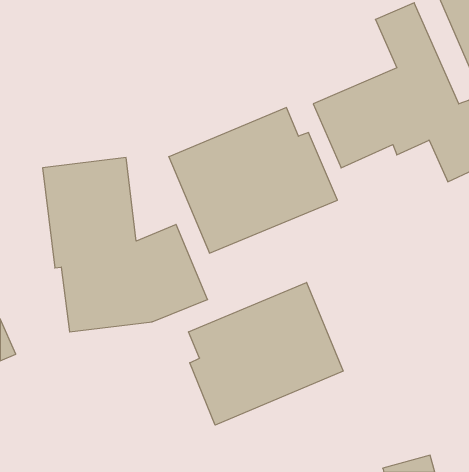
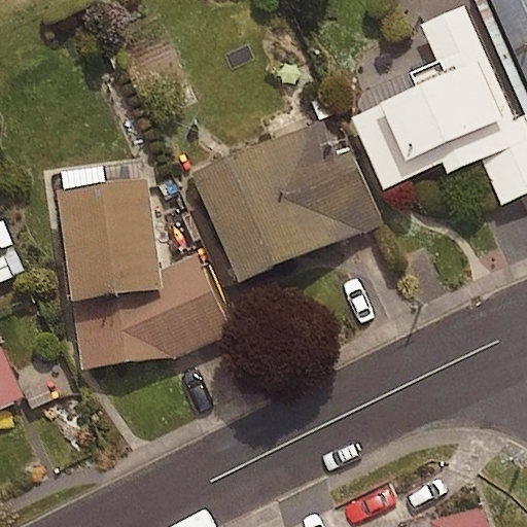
building: [189,282,343,425] -> none

